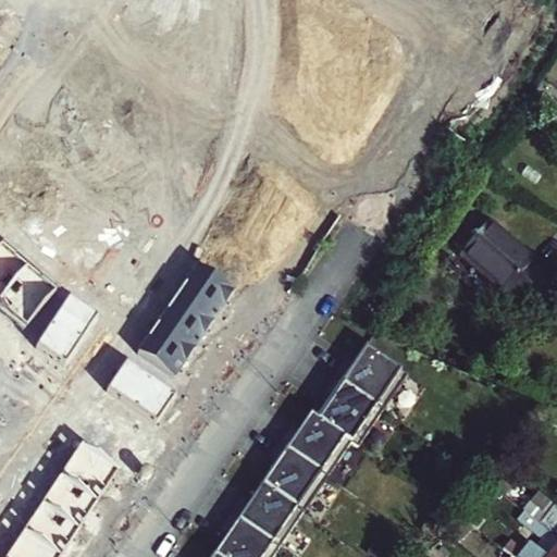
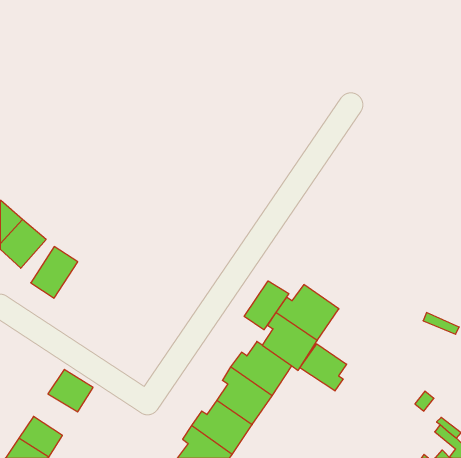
building: [461,221,544,304] -> none
building: [139,265,233,374] -> none
building: none -> [244,281,289,330]
building: [108,361,173,420] -> none
building: none -> [300,344,347,391]
building: [41,474,95,524] -> none

